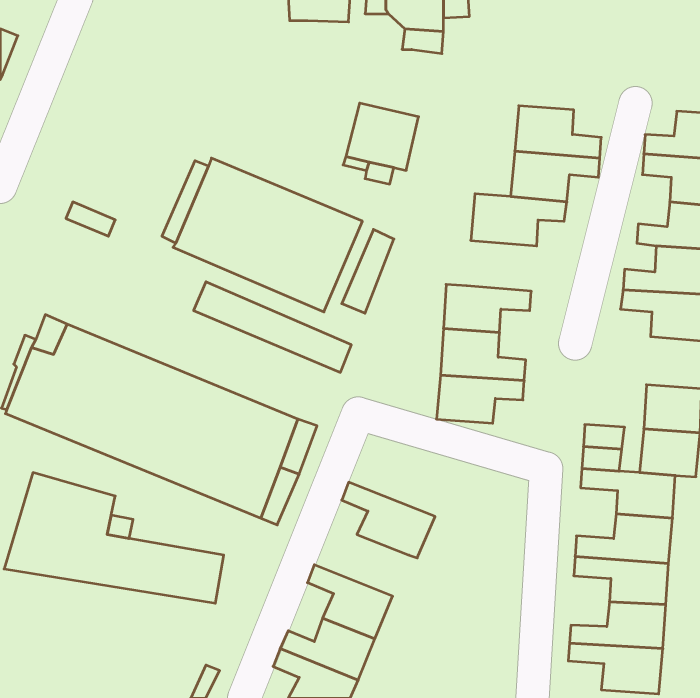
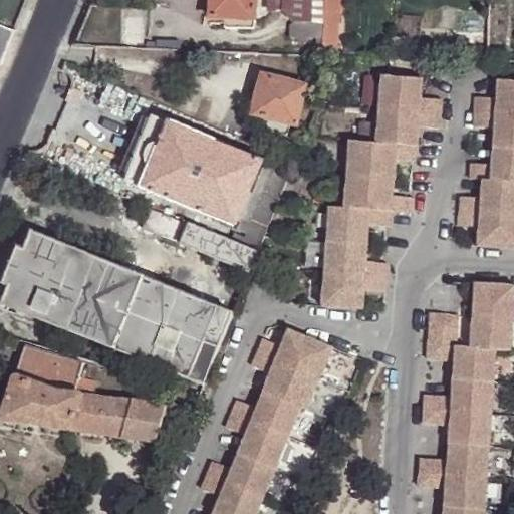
building: none -> [342,176,412,214]
building: none -> [256,328,331,377]
building: none -> [231,391,300,436]

